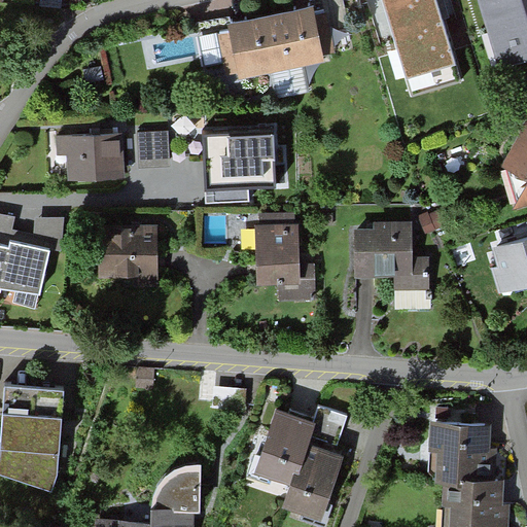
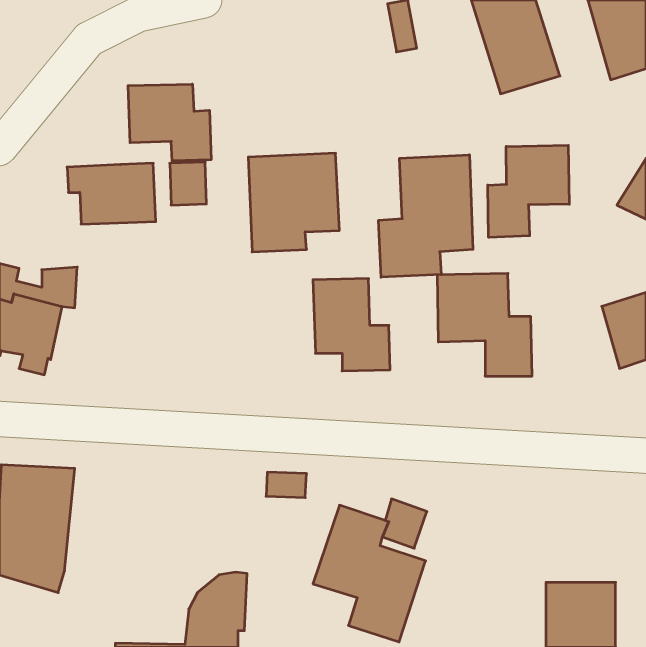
building: [218,9,322,79] -> none
building: none -> [128,84,211,161]
building: none -> [488,145,569,237]
building: none -> [379,155,473,277]
building: [97,223,159,281] -> none
building: [426,416,483,473] -> none

